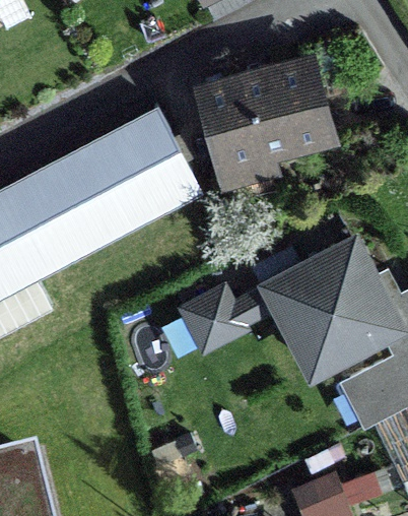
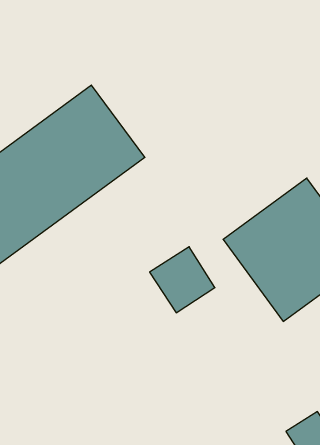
building: [202,54,332,184] -> none

